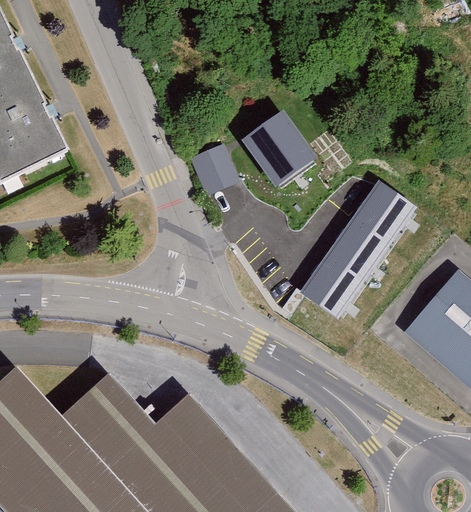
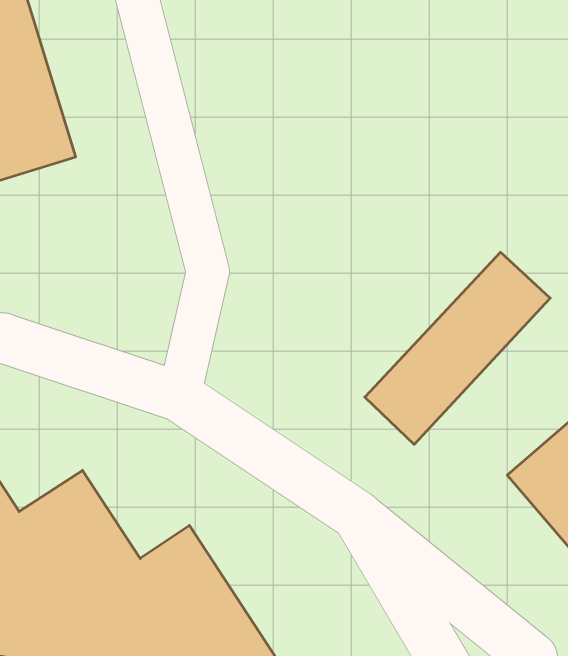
building: [240,110,315,188] -> none
building: [189,144,238,195] -> none

